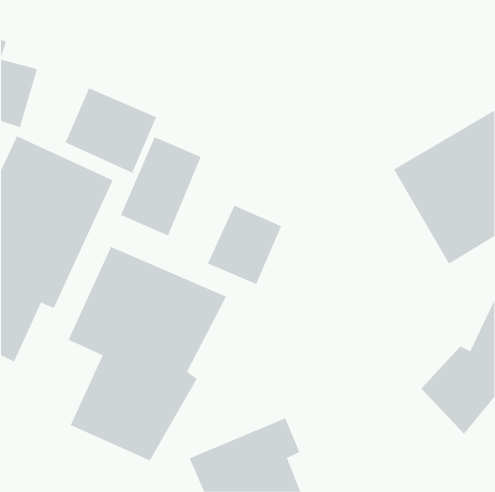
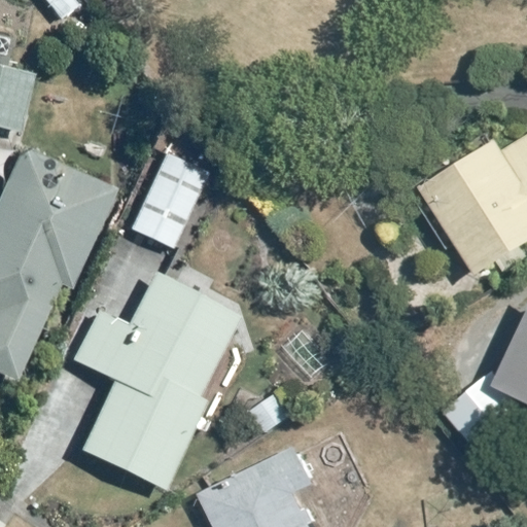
building: [65,87,157,174] -> none
building: [207,205,282,285] -> none

